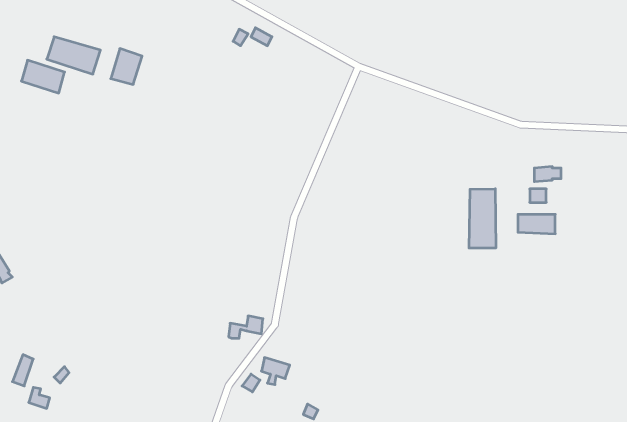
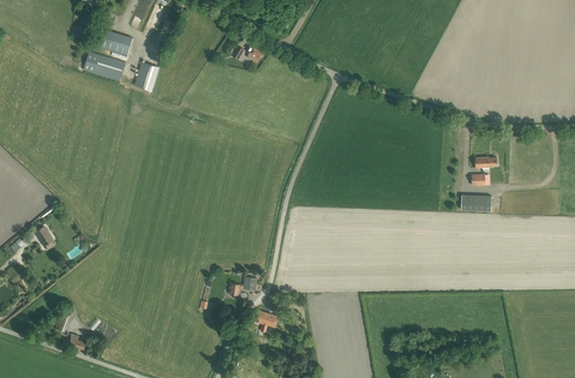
building: [21,60,65,93] -> [98,29,133,55]
building: [469,189,496,248] -> none

